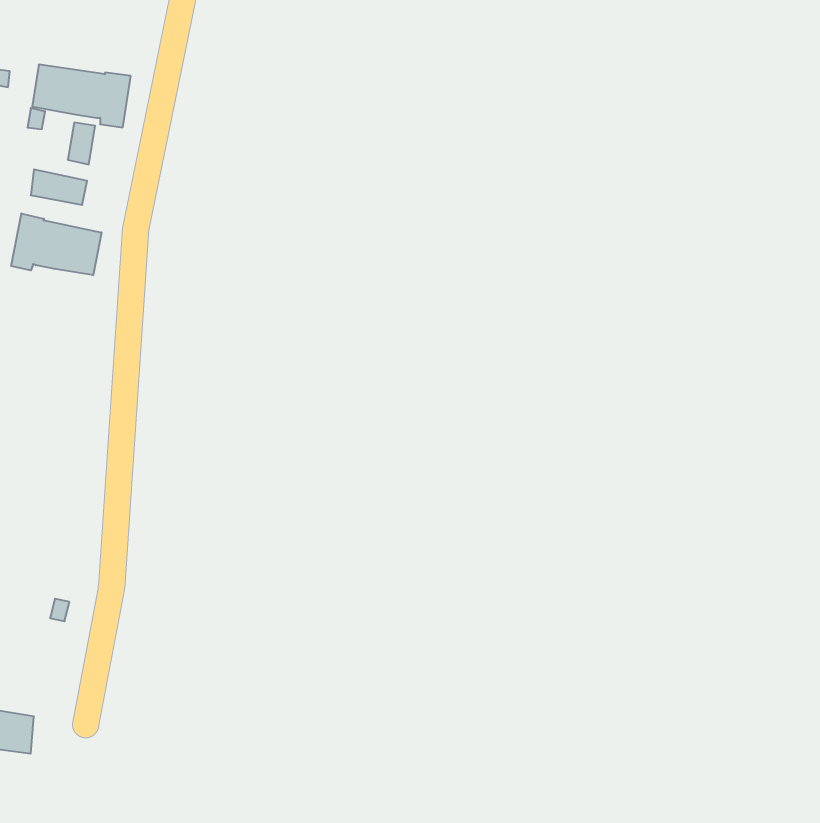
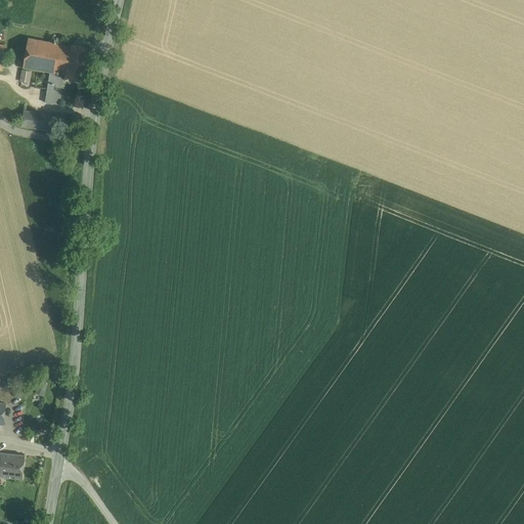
building: [11,213,102,275] -> none

